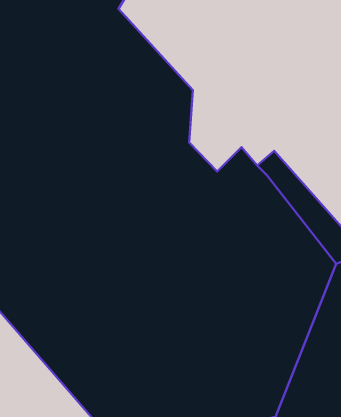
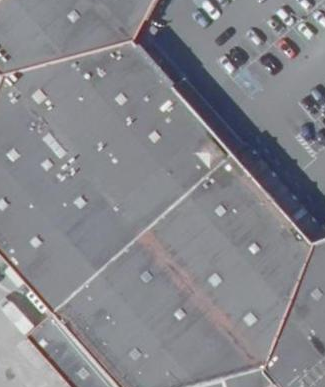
building: none -> [189,104,232,171]

